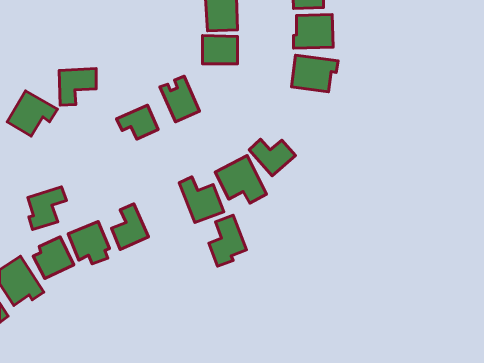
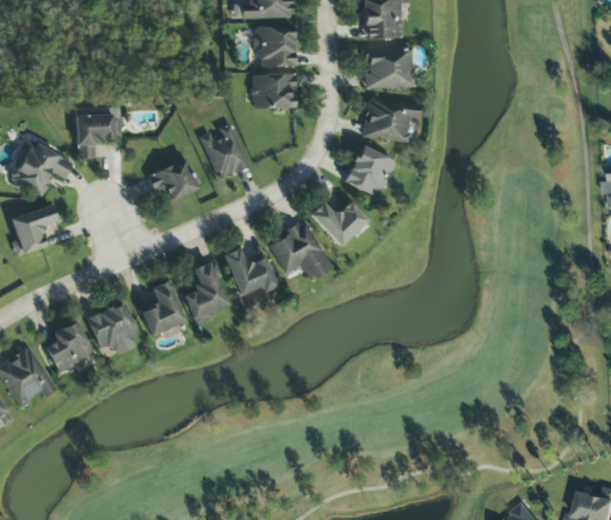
building: none -> [345,146,394,197]
building: [28,187,66,229] -> [11,204,58,256]
building: [209,215,247,266] -> [184,260,230,323]

